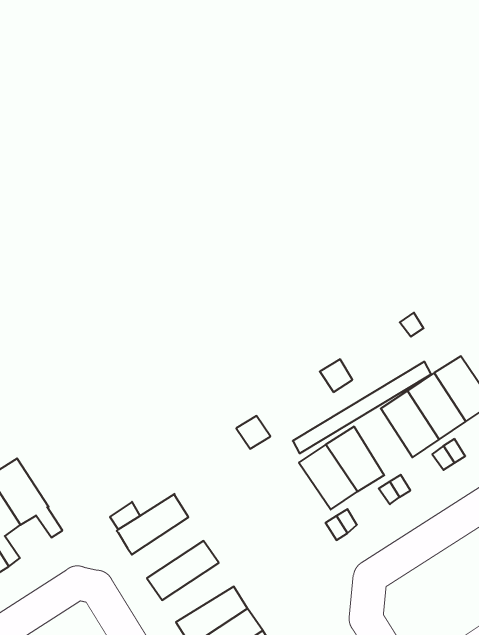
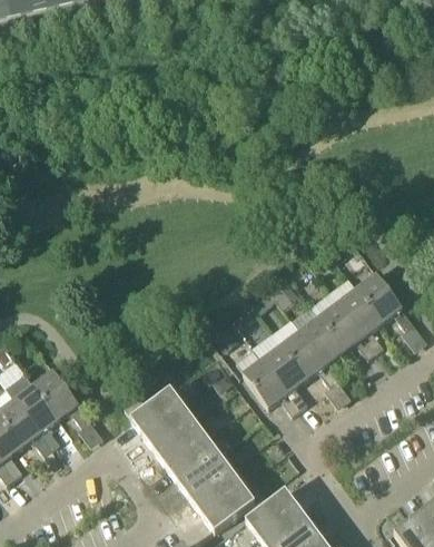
building: none -> [300,314,345,363]
building: none -> [243,358,287,406]
building: none -> [142,403,195,450]
building: none -> [167,436,219,481]

